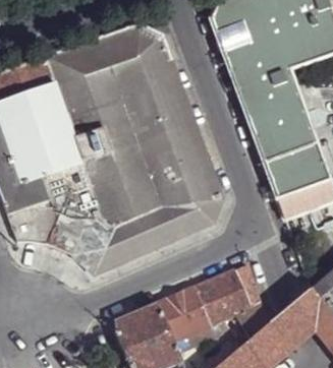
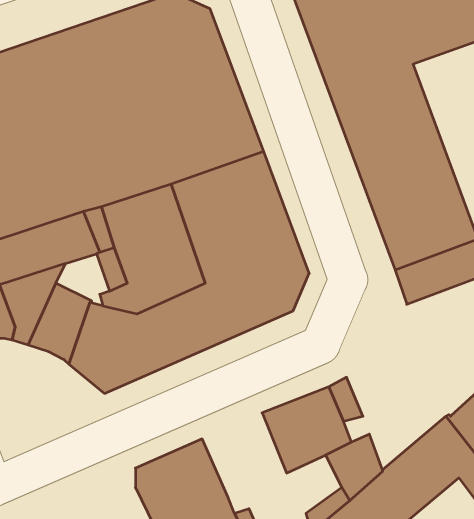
building: [156,287,209,340] -> none

